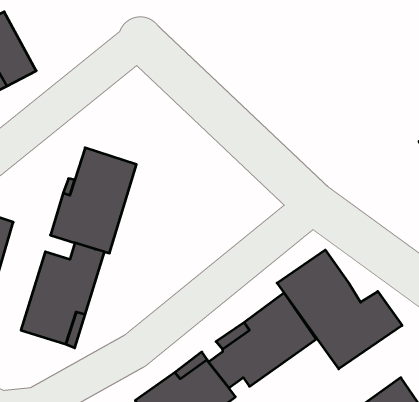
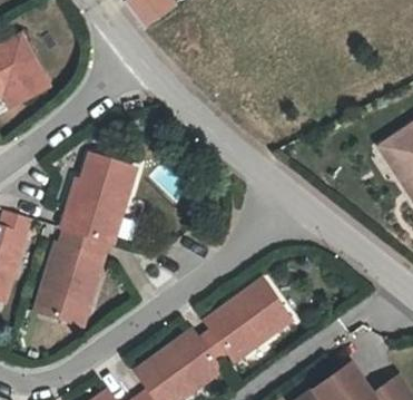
building: [277,250,402,369] -> none

